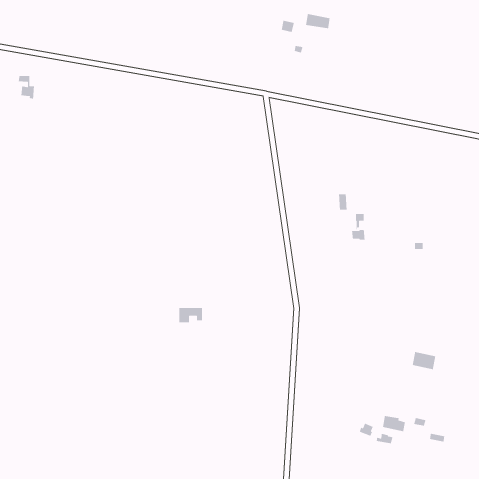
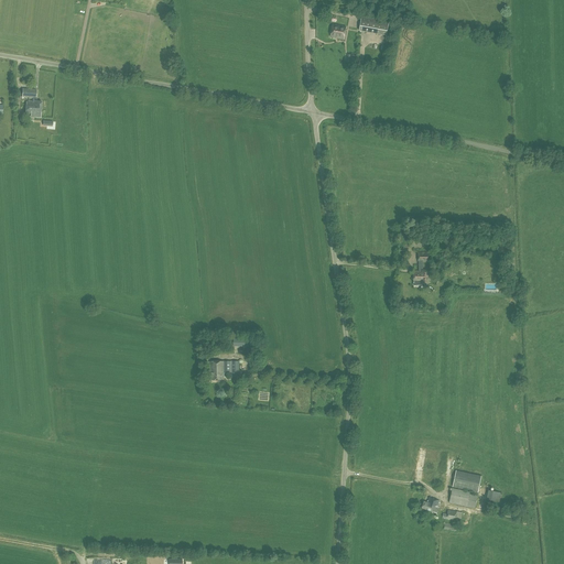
building: [412,351,436,370] -> [452,469,480,491]

